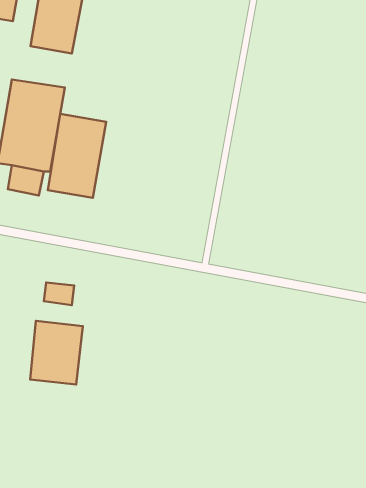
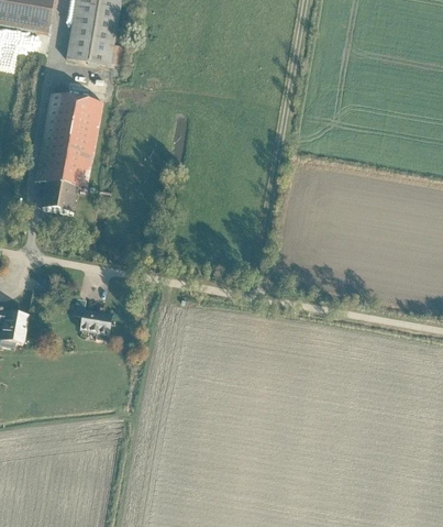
building: [48,114,106,198] -> none
building: [30,321,83,385] -> none

